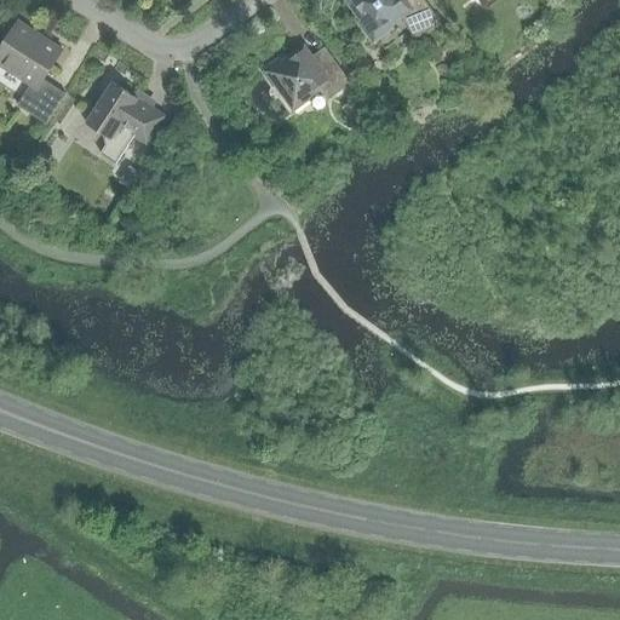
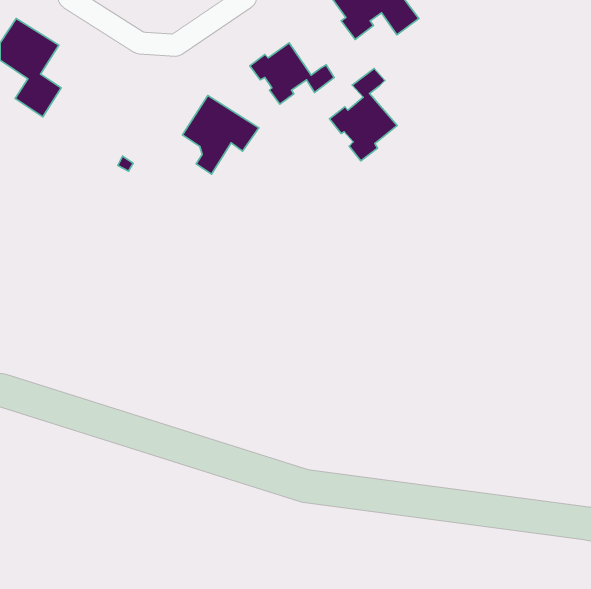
building: none -> [330,69,397,161]
building: [85,80,165,162] -> [182,96,259,174]

